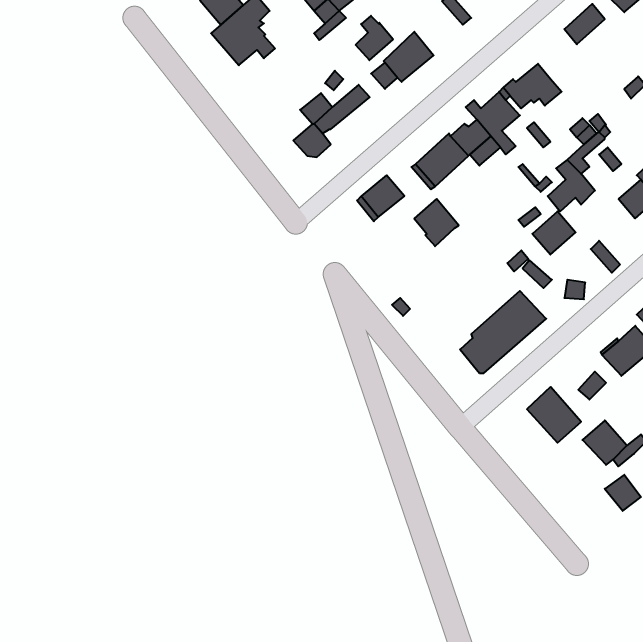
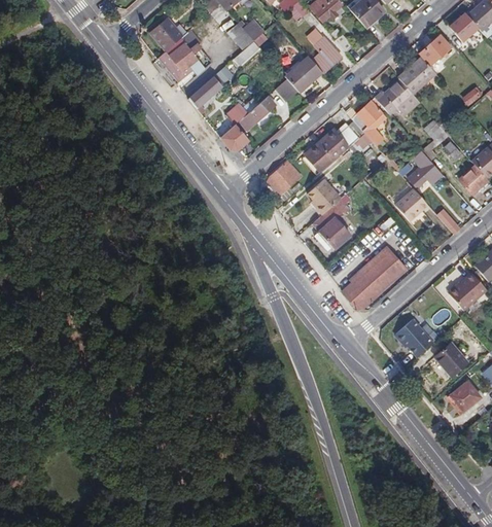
building: [356,16,393,60] -> [314,38,342,71]
building: none -> [396,54,433,91]
building: none -> [188,74,222,113]
building: none -> [314,201,352,246]

